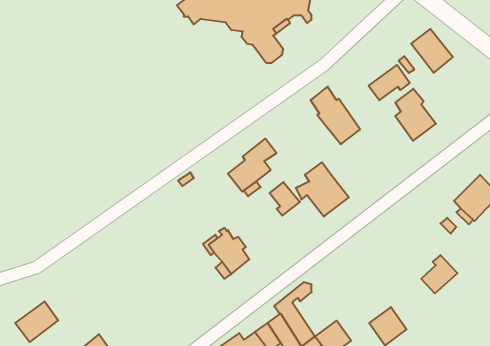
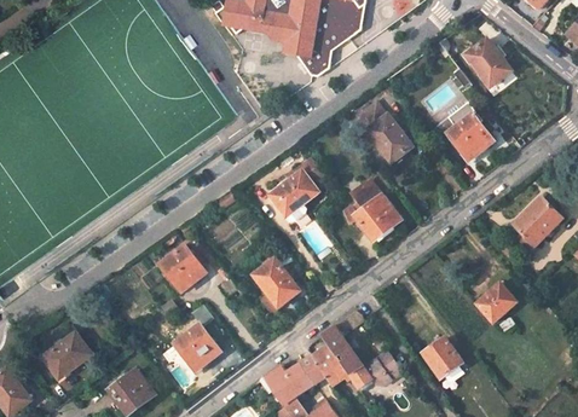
building: [369,65,410,100] -> none
building: [270,182,300,216] -> none
building: none -> [160,244,203,288]
building: none -> [175,326,220,372]

